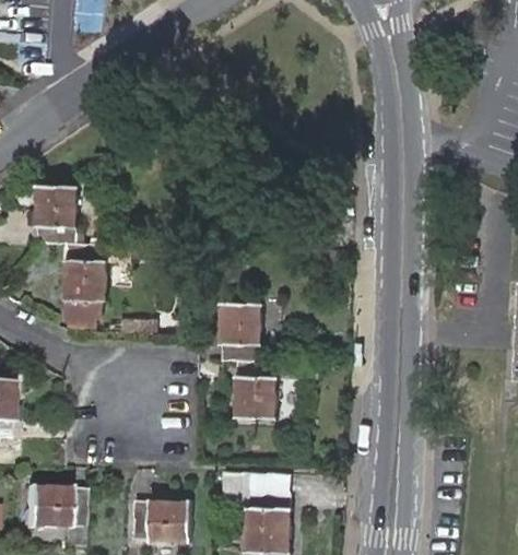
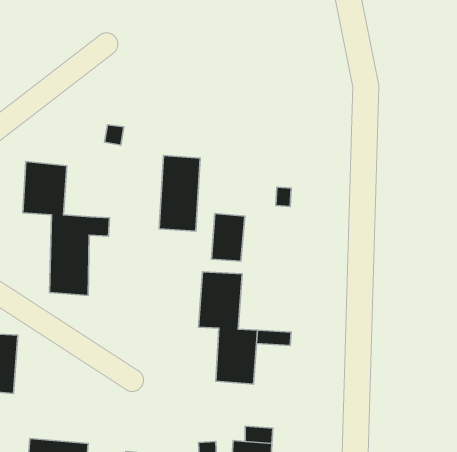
building: none -> [159,156,200,231]
building: none -> [211,214,245,261]

